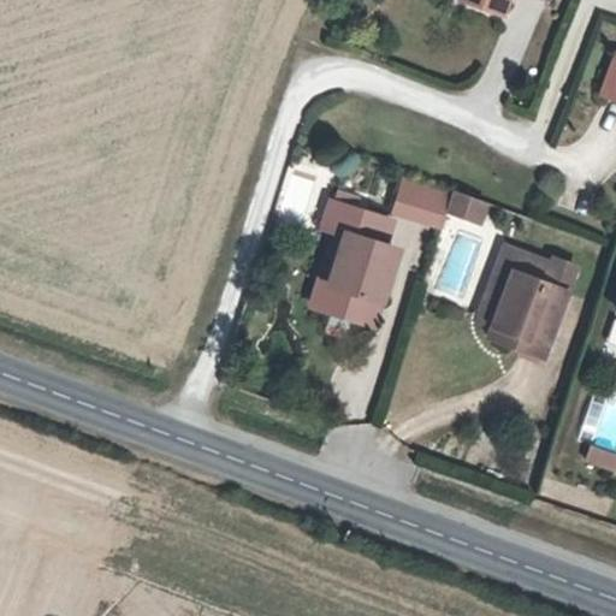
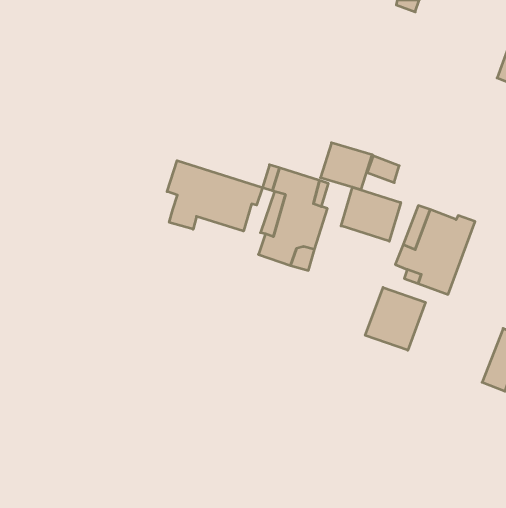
building: none -> [167,161,262,231]
building: none -> [341,187,401,241]
building: none -> [365,287,425,350]

